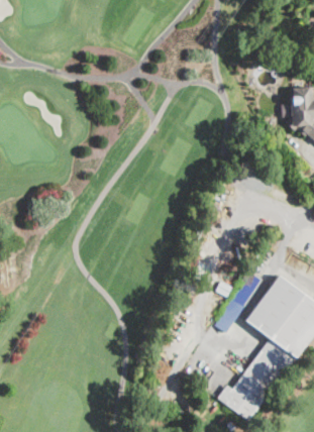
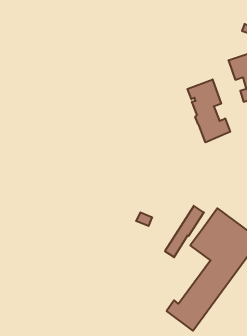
building: none -> [187,79,230,142]

